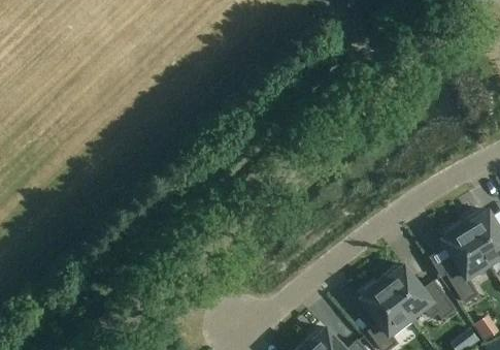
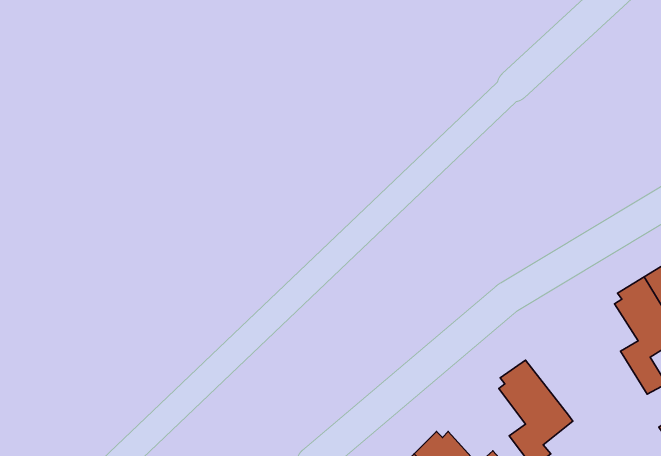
building: [380,264,456,318] -> none

